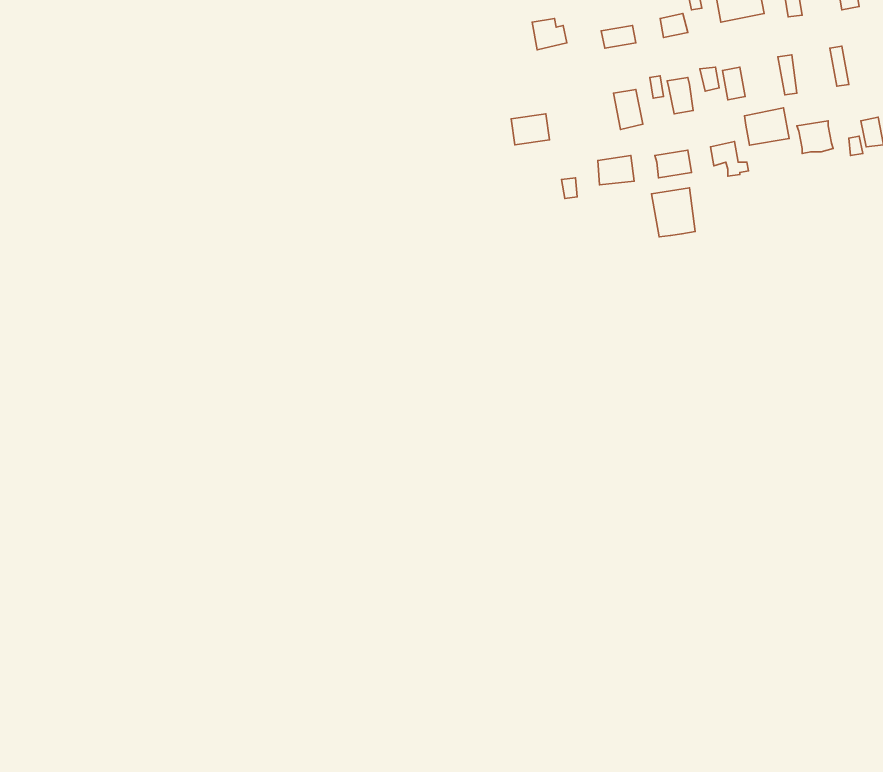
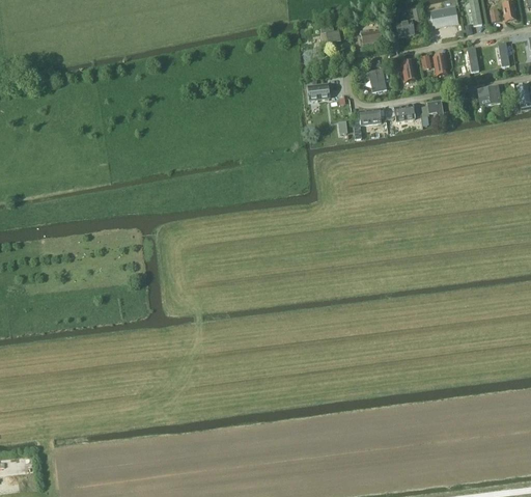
building: [744,108,789,145] -> none
building: [651,188,695,237] -> none

